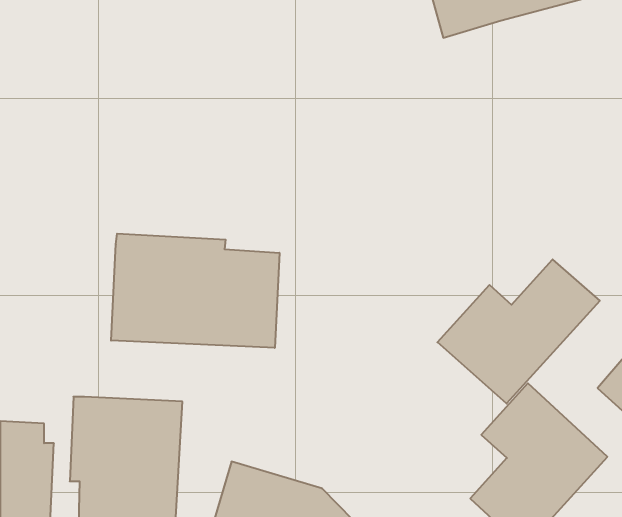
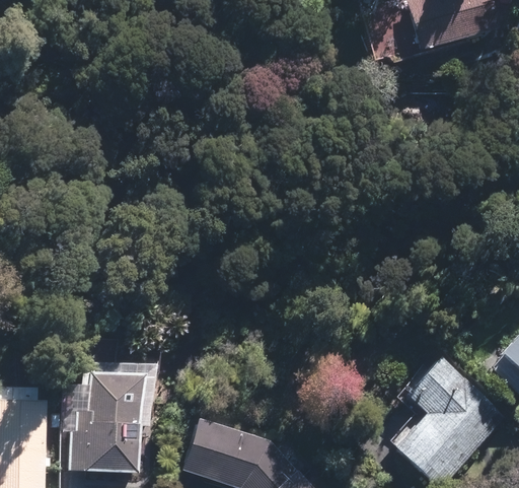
building: [111,234,279,348] -> none
building: [437,259,600,404] -> none

